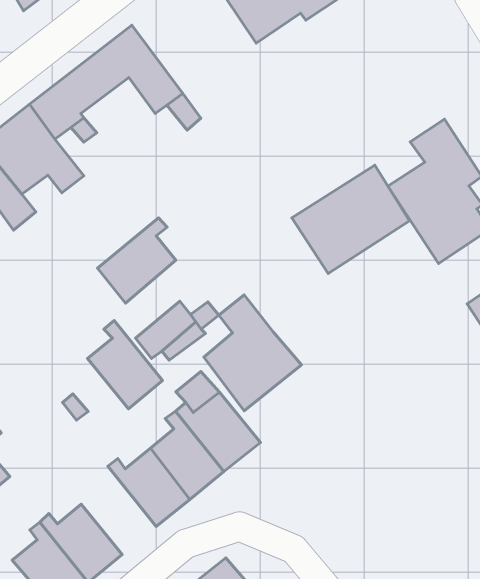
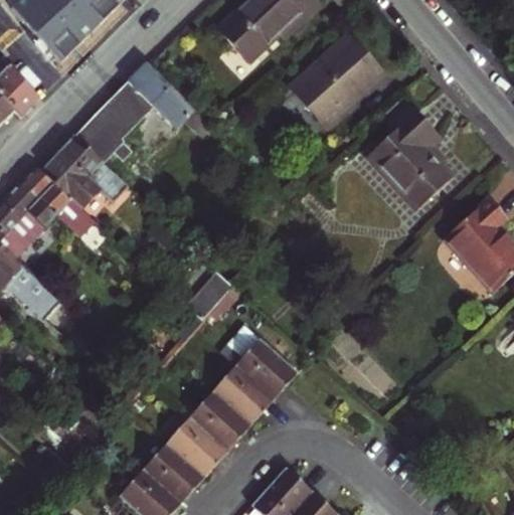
building: [292,165,410,274] -> [290,35,382,126]
building: [98,218,176,303] -> none
building: [204,295,301,411] -> none
building: [88,320,162,409] -> [165,410,226,478]

